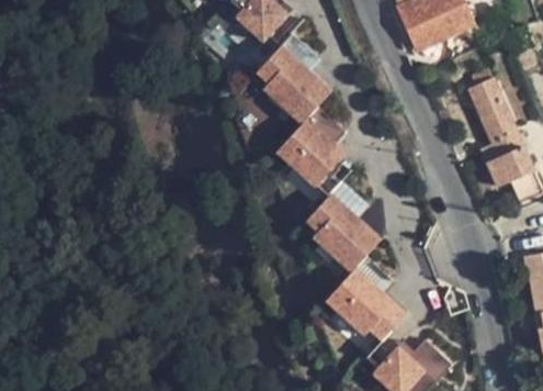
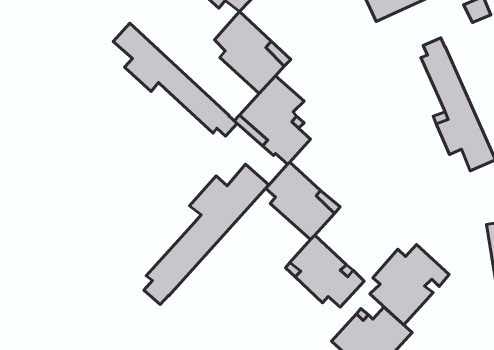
building: none -> [113,23,237,136]
building: none -> [144,164,269,305]
building: none -> [370,245,449,325]

